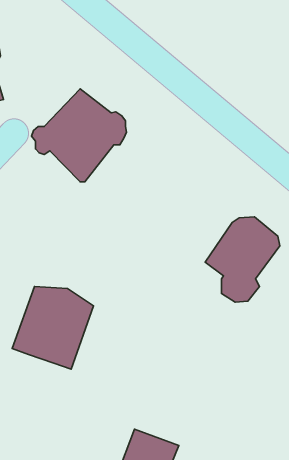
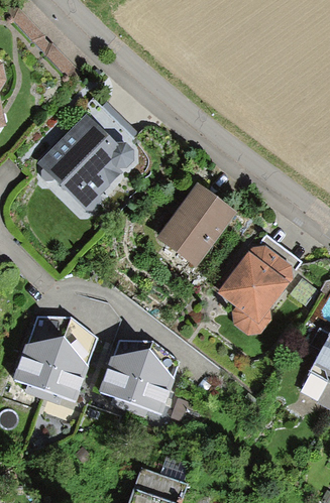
building: none -> [156,183,237,268]
building: none -> [99,340,181,412]

